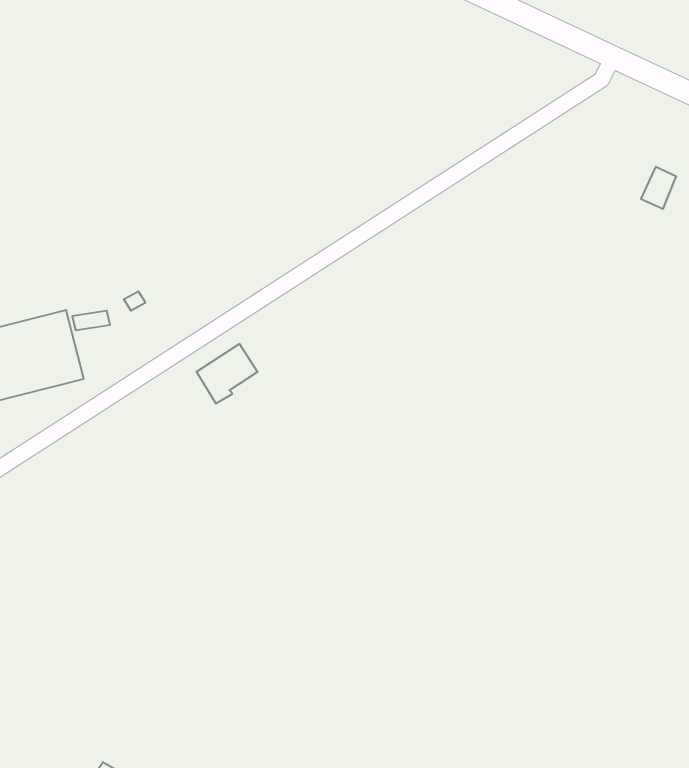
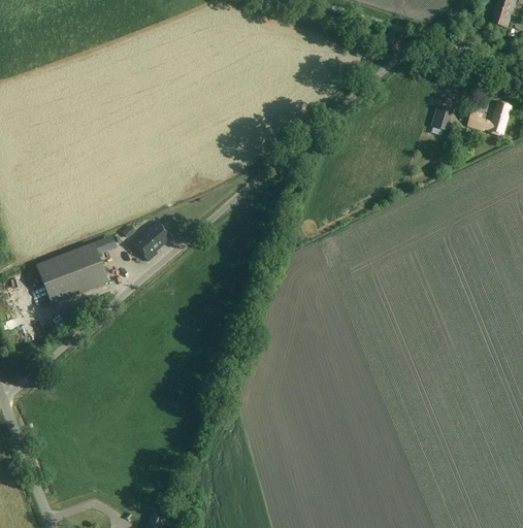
building: [196,344,258,403] -> [133,222,170,260]

